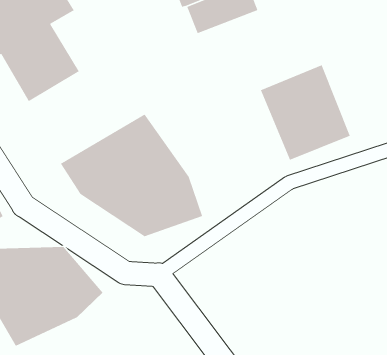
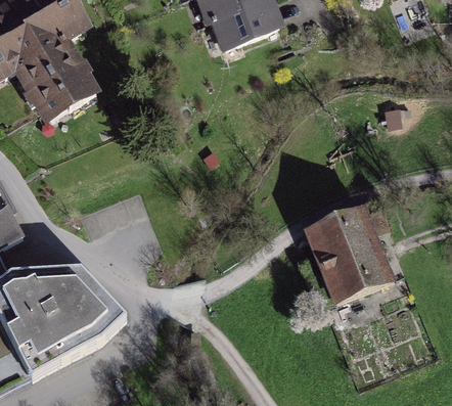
building: [260,64,351,161] -> [304,198,398,299]
building: [60,113,203,237] -> none

